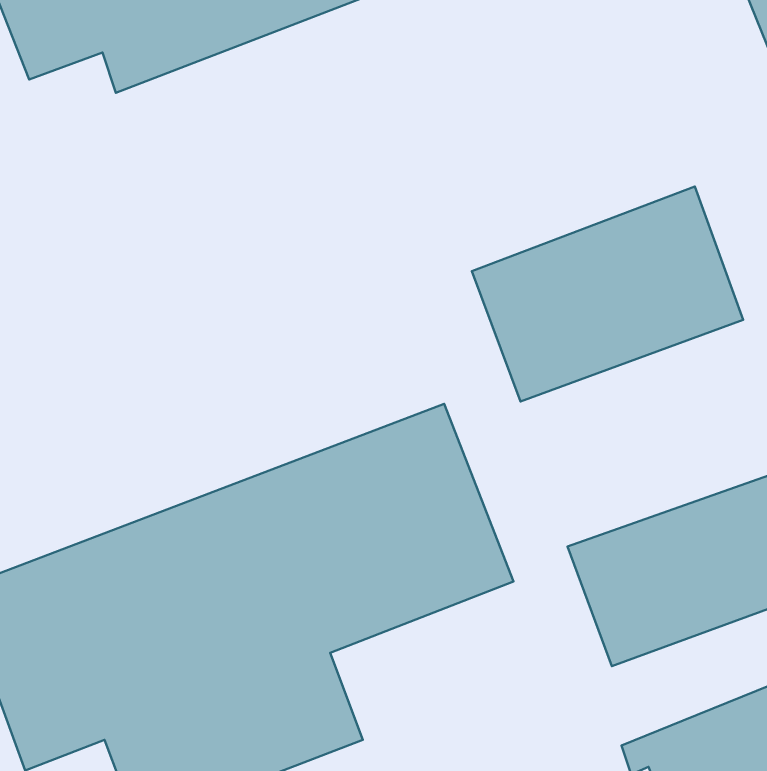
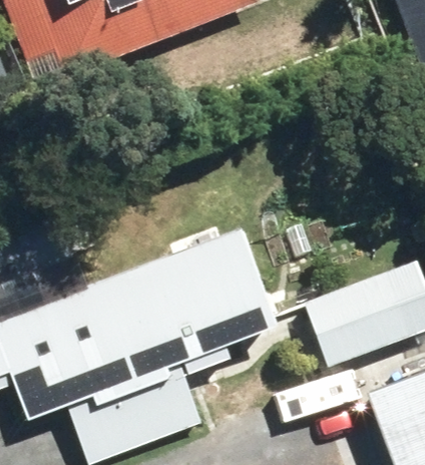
building: [472,187,743,402] -> none

